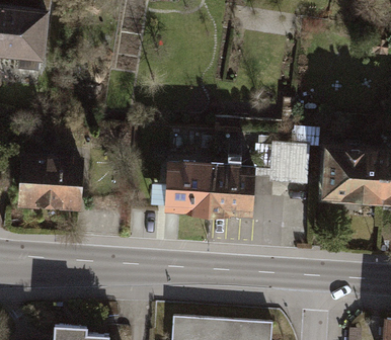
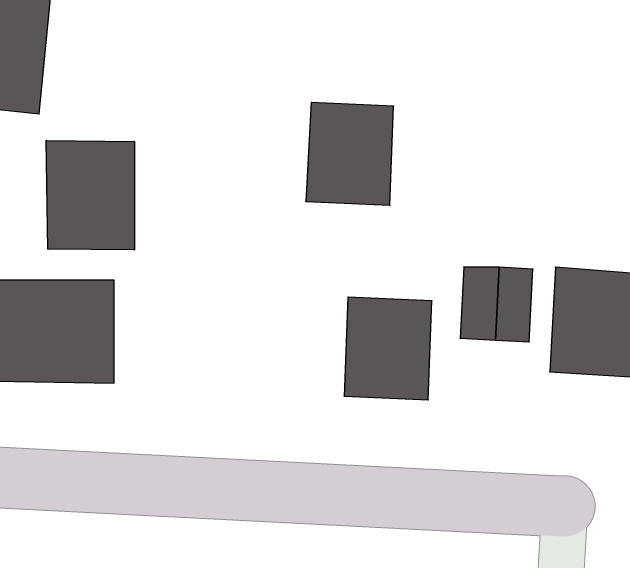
building: none -> [46,140,134,250]
building: [163,160,211,216] -> [306,102,394,205]

